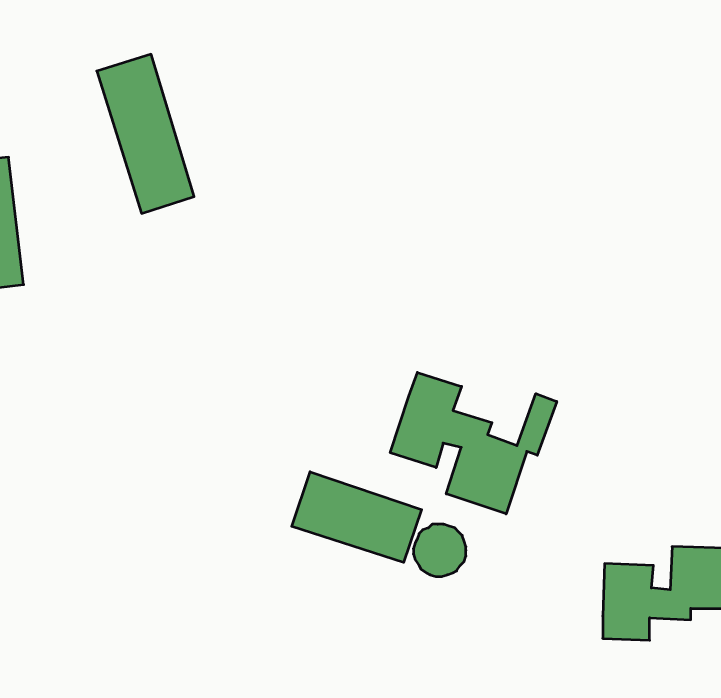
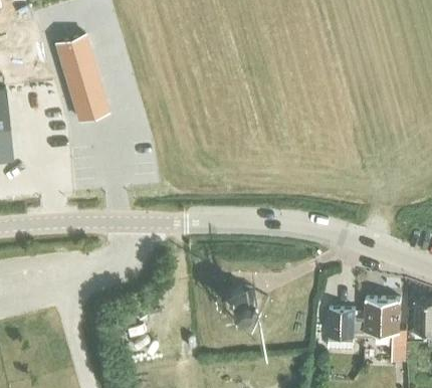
building: [390,372,557,514] -> none
building: [292,472,422,562] -> none

